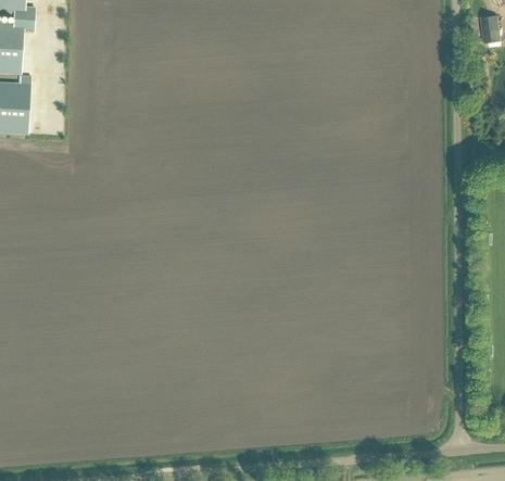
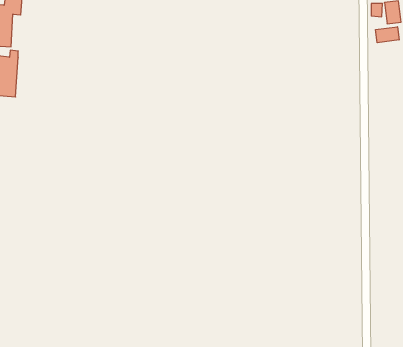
building: none -> [376,27,399,43]

